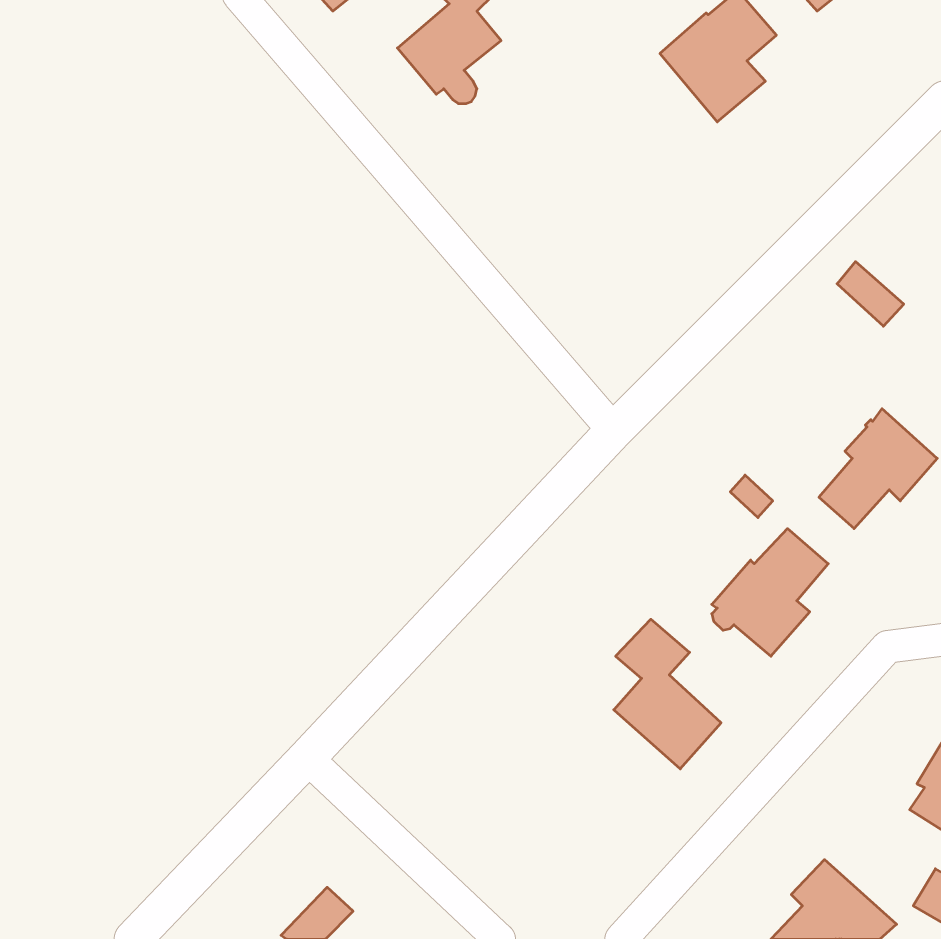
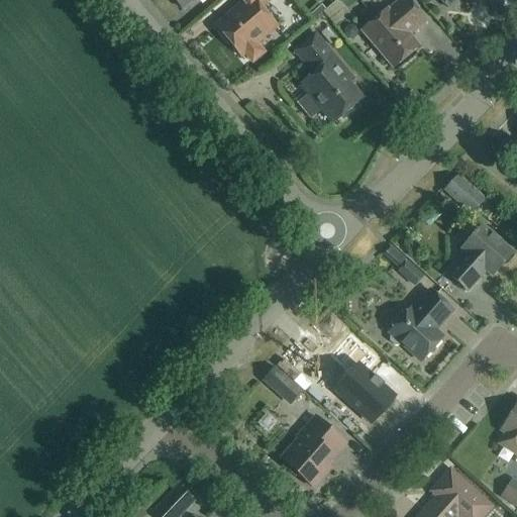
building: none -> [296,31,363,120]
building: [837,262,904,326] -> [447,176,484,211]
building: none -> [264,365,304,404]
building: none -> [283,415,346,486]

